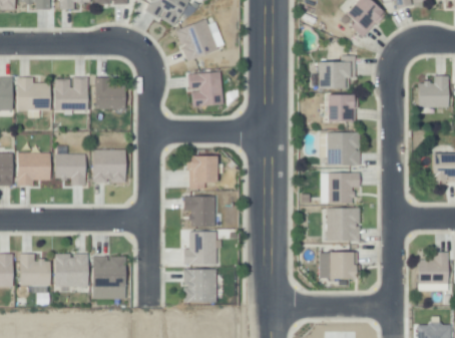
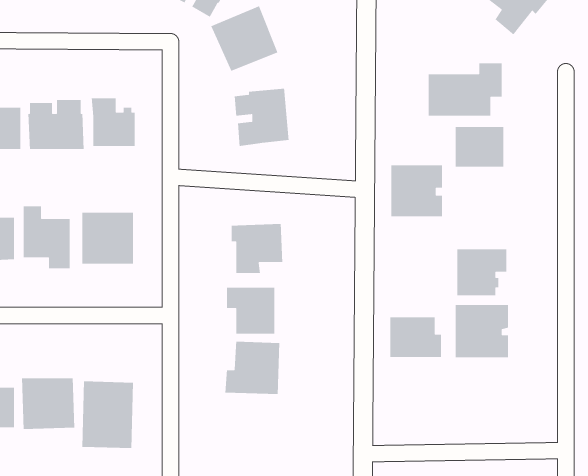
building: [328,132,361,165] -> [390,165,443,217]
building: [329,254,362,280] -> [389,316,442,358]
building: [181,270,214,303] -> none

